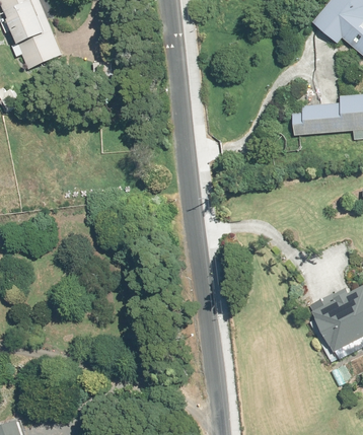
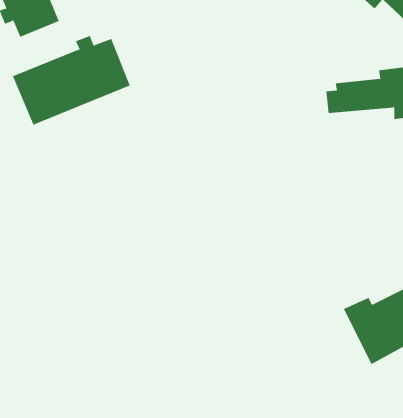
building: none -> [12,35,131,125]

